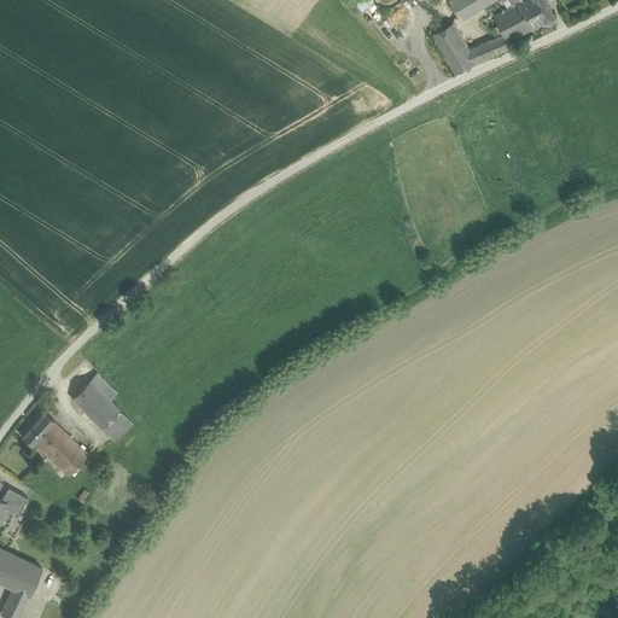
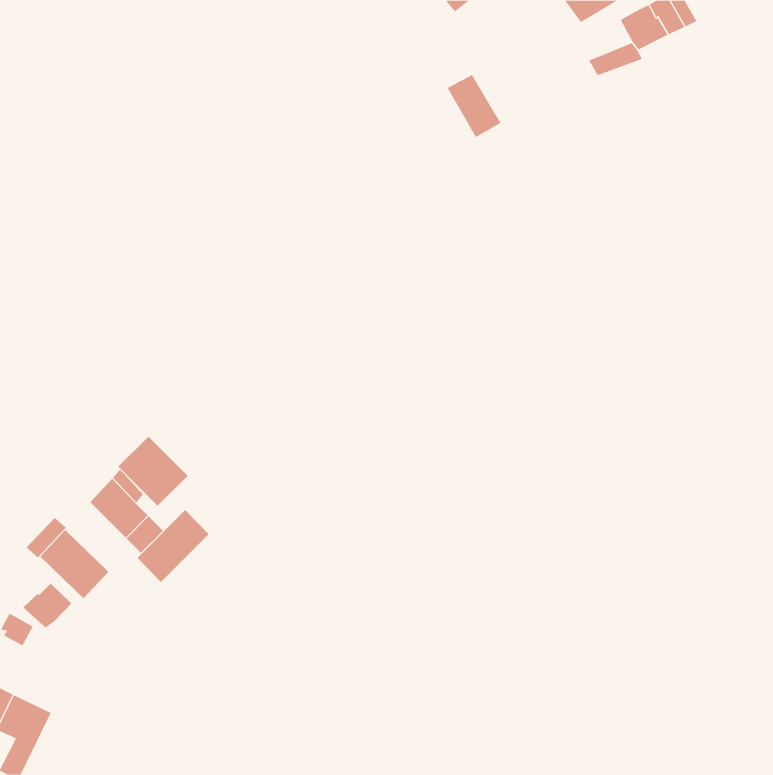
building: [432,22,476,72] -> [447,74,501,138]
building: none -> [118,436,189,506]
building: none -> [137,509,209,583]
building: none -> [23,583,72,629]

